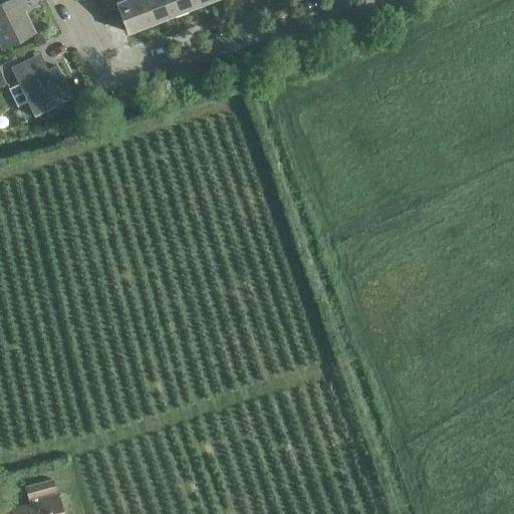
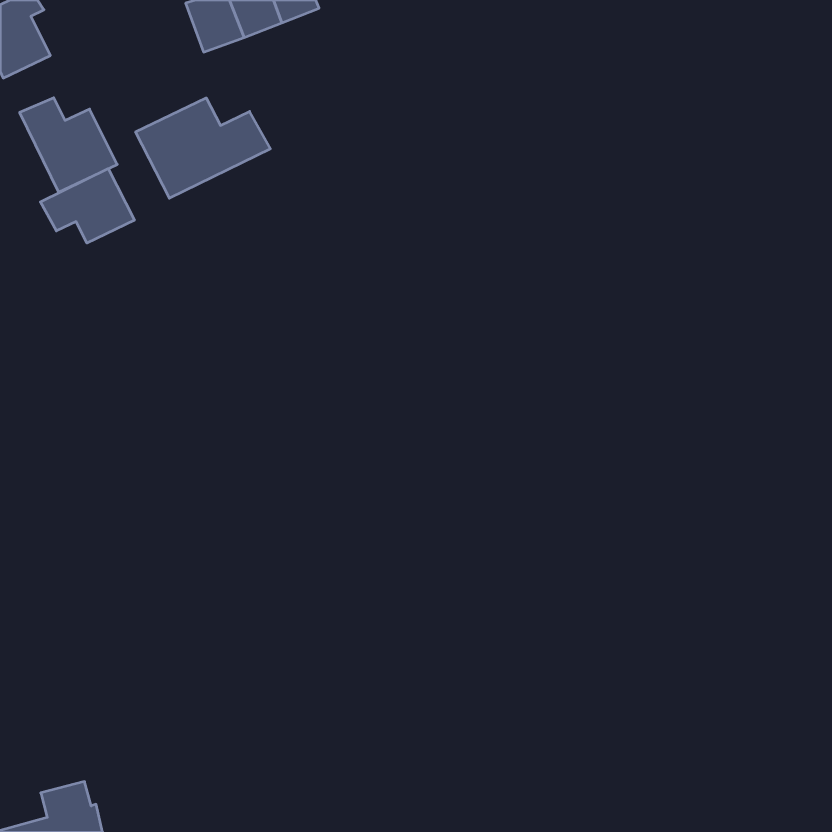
building: none -> [136,98,270,198]
building: none -> [40,169,134,243]

